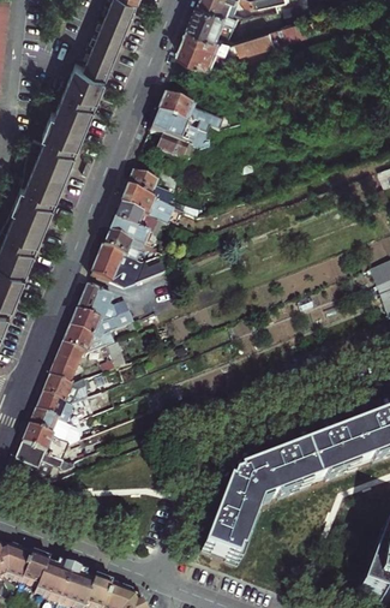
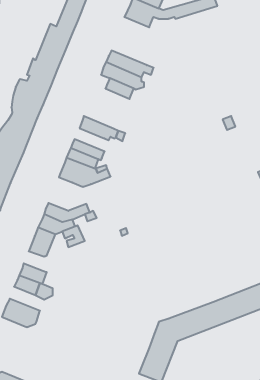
building: [125,172,172,207] -> none
building: [112,205,157,238] -> none
building: [76,285,128,321] -> none
building: [41,377,95,405] -> none
building: [22,427,84,461] -> none

